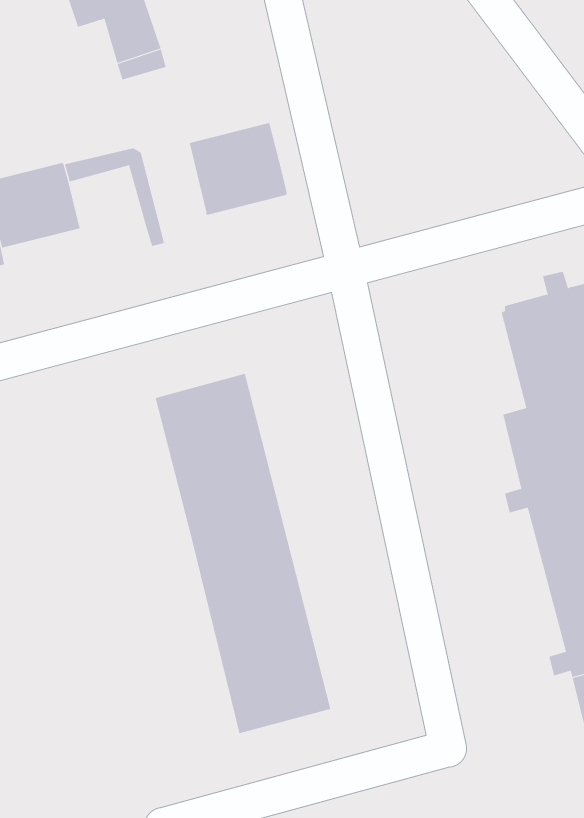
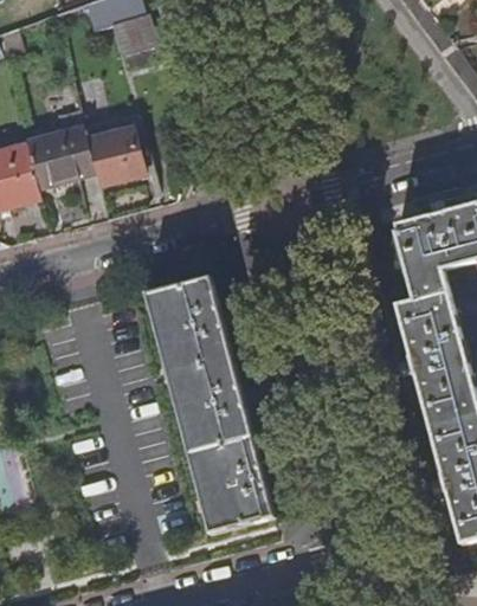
building: [189,122,287,216] -> none
building: none -> [84,128,140,186]

